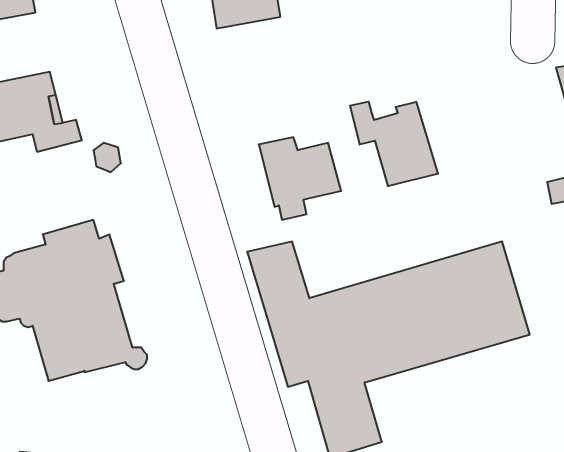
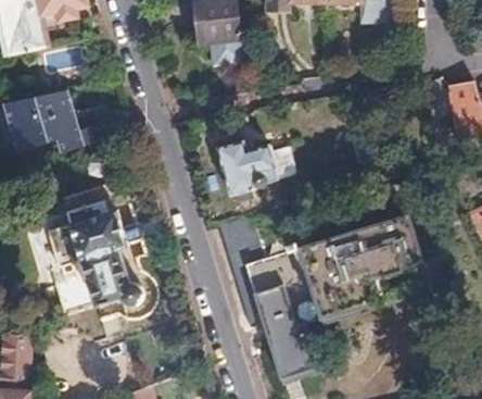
building: [350,102,438,186] -> none

